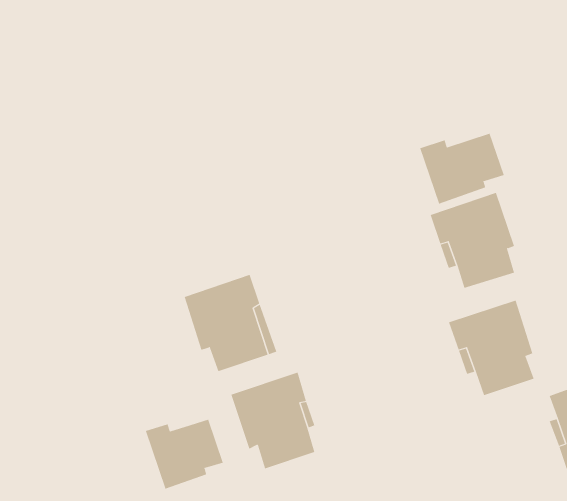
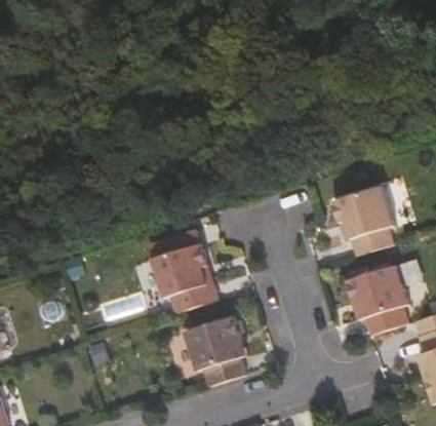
building: [420,133,505,205] -> none
building: [145,419,223,490] -> none

